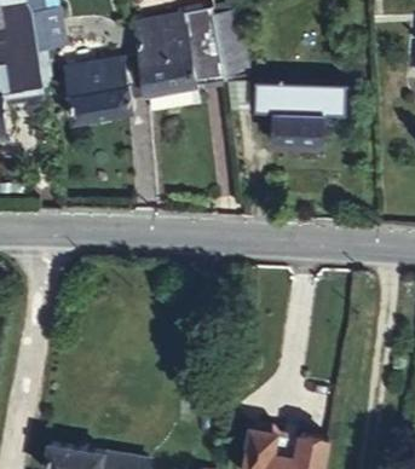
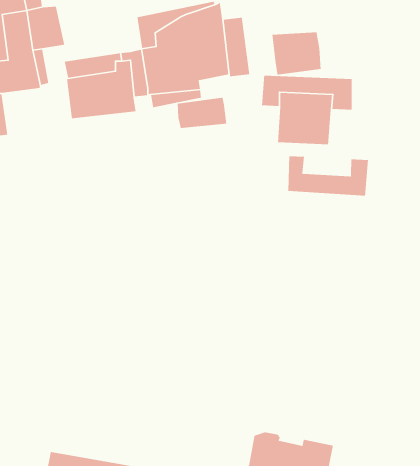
building: none -> [271,31,322,75]
building: none -> [177,97,227,129]
building: none -> [287,156,369,196]

